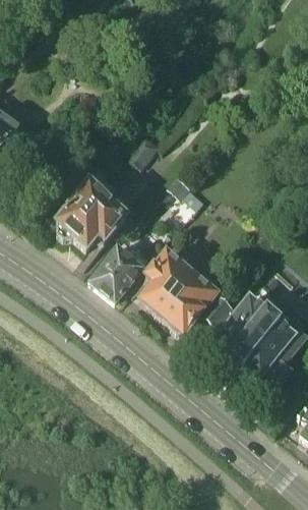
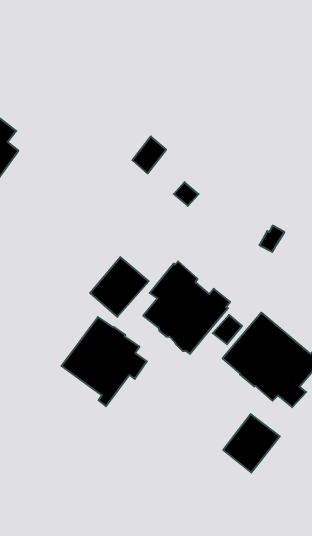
building: [58,175,128,249] -> none
building: none -> [61,317,147,406]
building: none -> [223,414,280,473]

